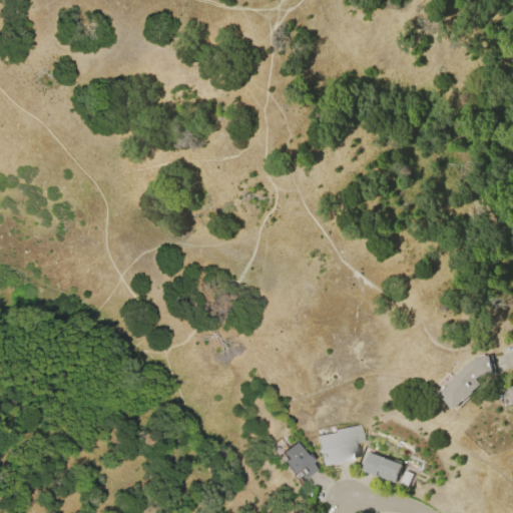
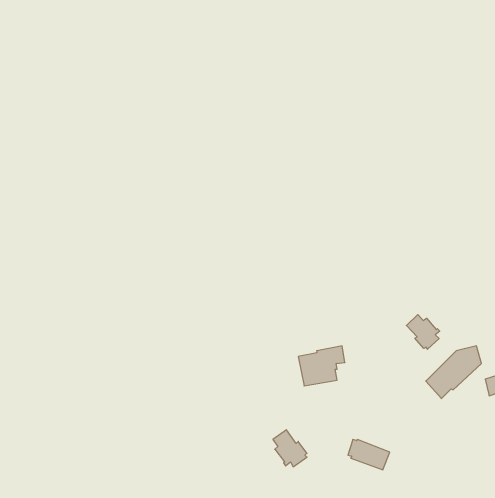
building: none -> [406,315,440,349]
building: [318,425,366,466] -> [298,346,345,386]

